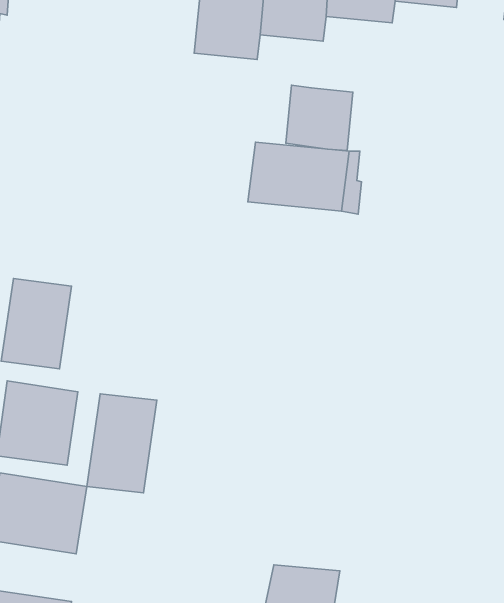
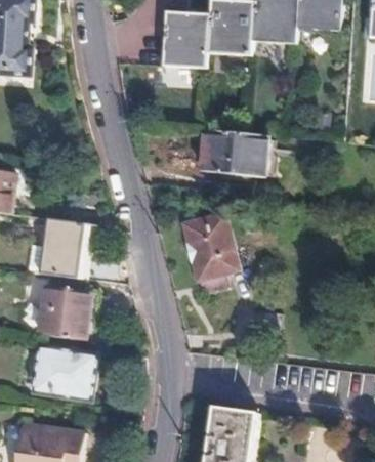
building: [286,85,353,150] -> none
building: none -> [181,214,237,277]
building: [87,394,157,493] -> none

